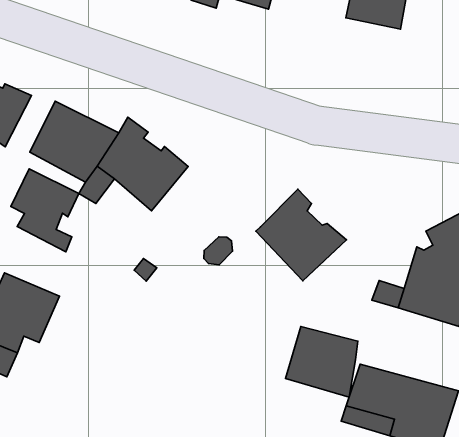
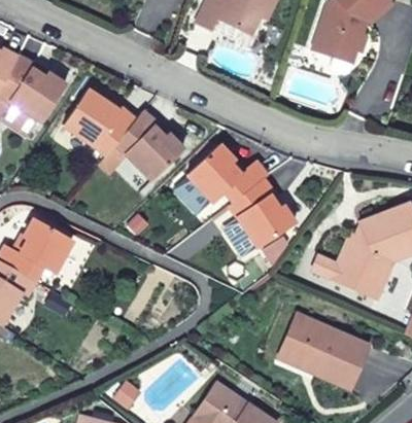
building: none -> [183,142,267,204]
building: [11,169,79,252] -> none
building: [286,327,358,397] -> none

